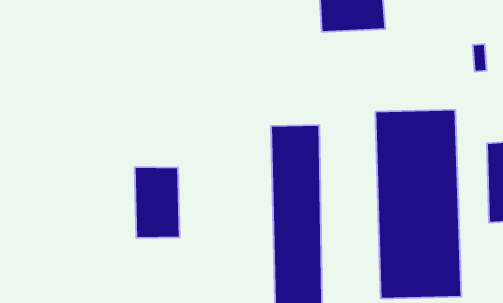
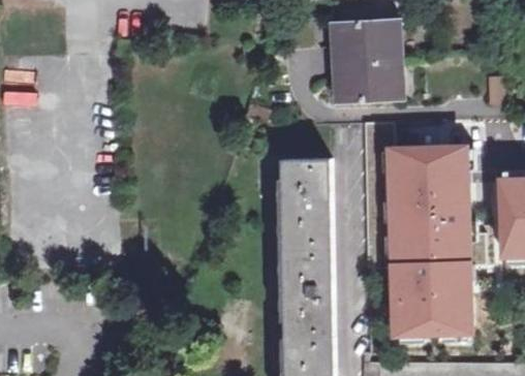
building: none -> [331,61,398,102]
building: [135,167,179,238] -> none

